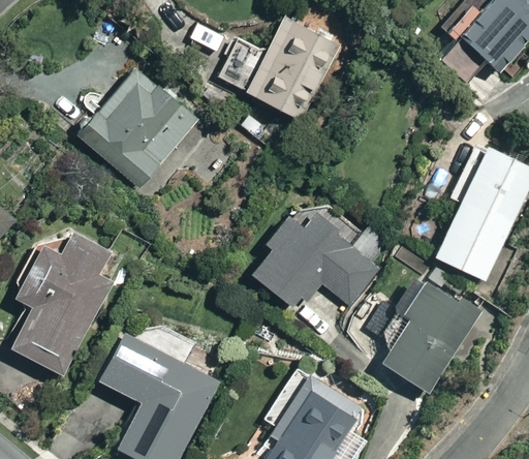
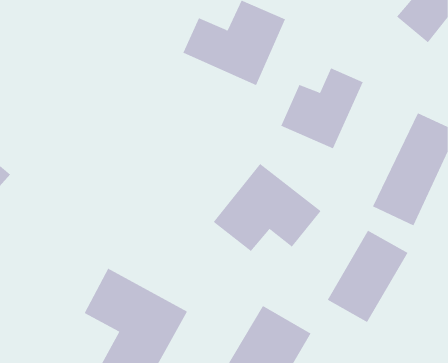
building: [82,72,195,186] -> none
building: none -> [280,68,364,149]
building: [13,227,121,378] -> none

